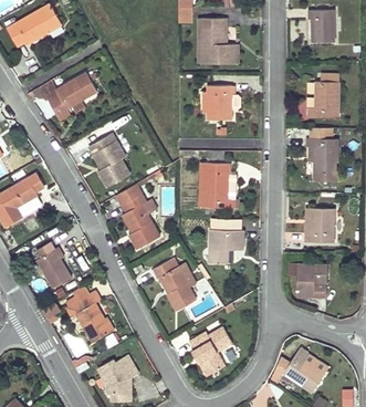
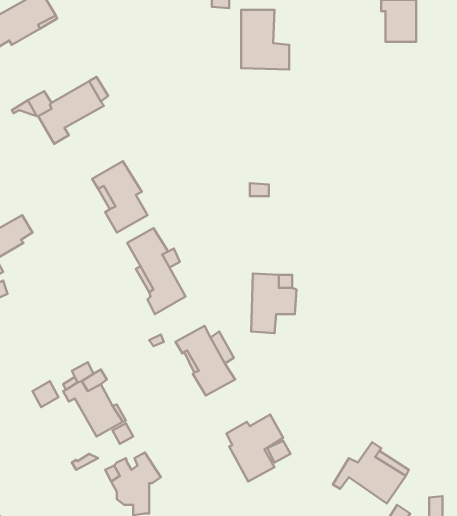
building: [306,74,337,117] -> none
building: [206,85,230,121] -> none
building: [305,128,337,181] -> none
building: [202,164,234,209] -> none
building: [307,208,333,242] -> none
building: [35,243,70,289] -> none
building: [287,263,326,298] -> none

